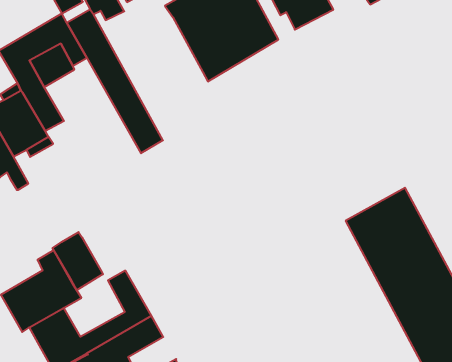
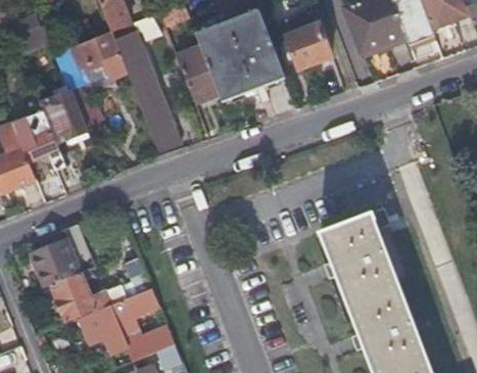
building: none -> [176,46,219,103]
building: [53,232,103,290] -> none

